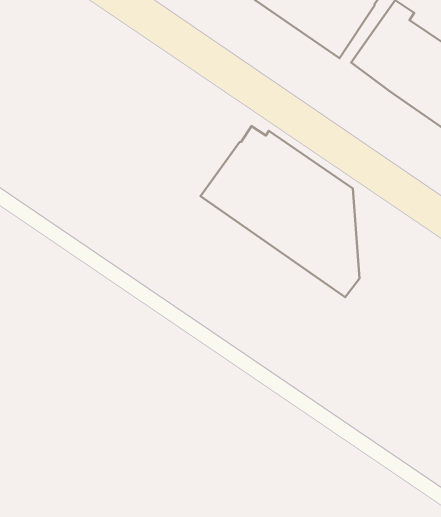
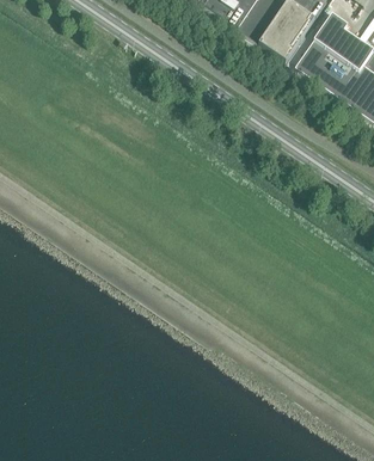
building: [201,126,360,297] -> none

